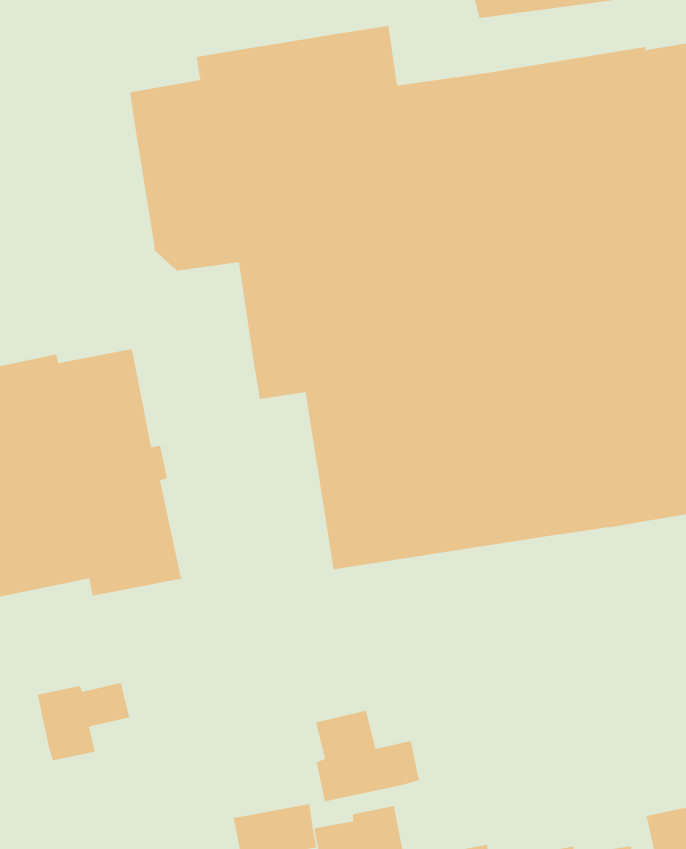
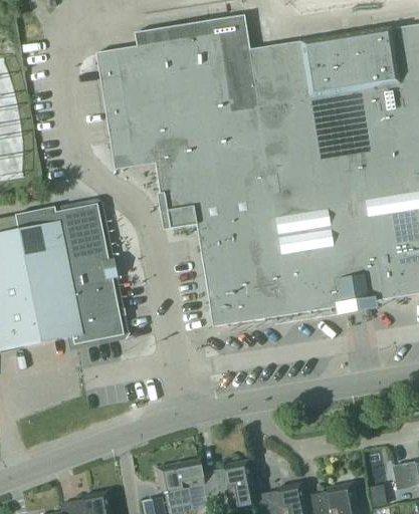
building: [37,682,130,761] -> none
building: [315,710,420,802] -> none

